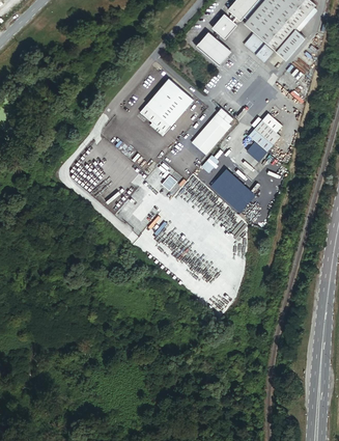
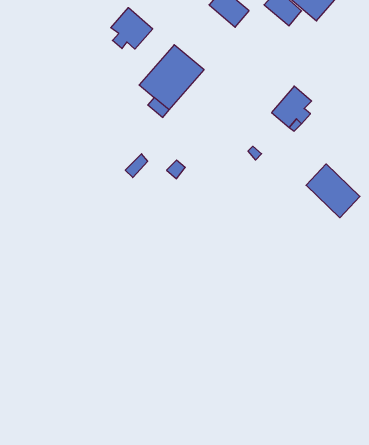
building: none -> [111,8,153,49]
building: [192,114,230,155] -> none
building: [210,169,255,214] -> [306,164,360,218]

